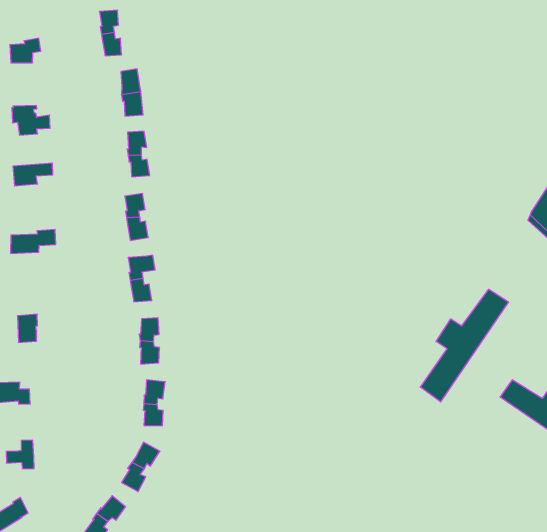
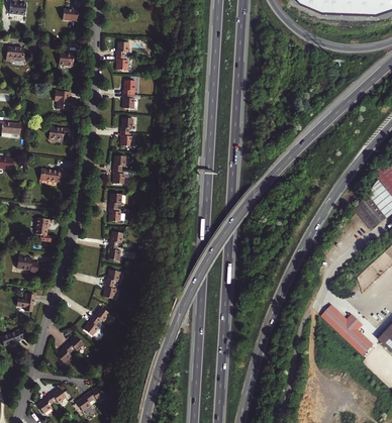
building: [420,289,509,402] -> none

